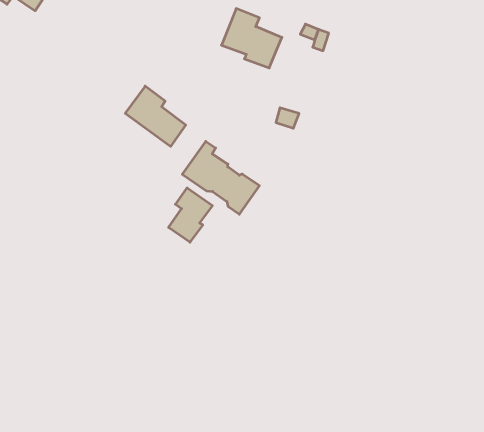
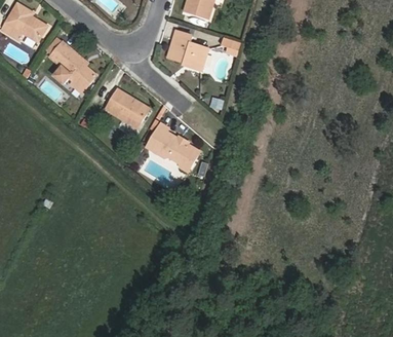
building: none -> [49,42,95,90]
building: [169,188,212,242] -> none

